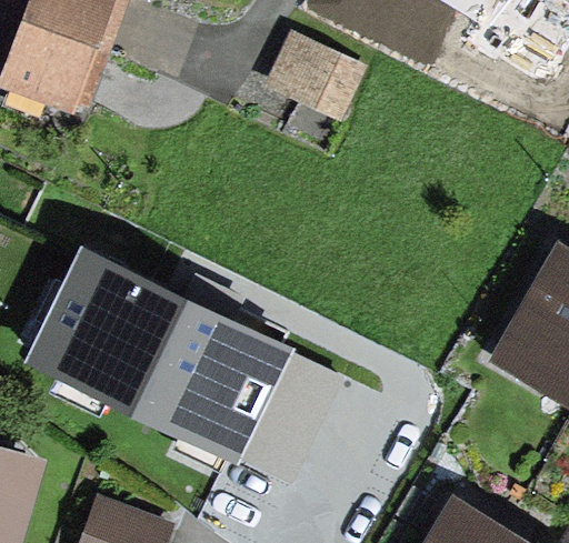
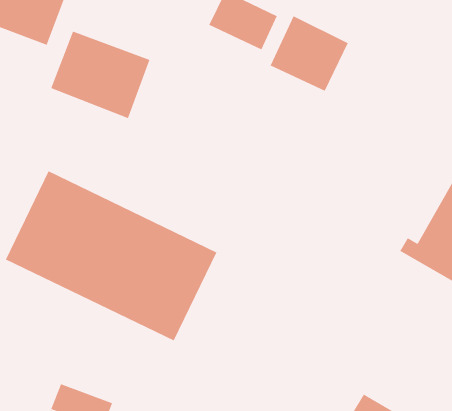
building: none -> [269,15,349,92]
building: none -> [50,31,151,119]

